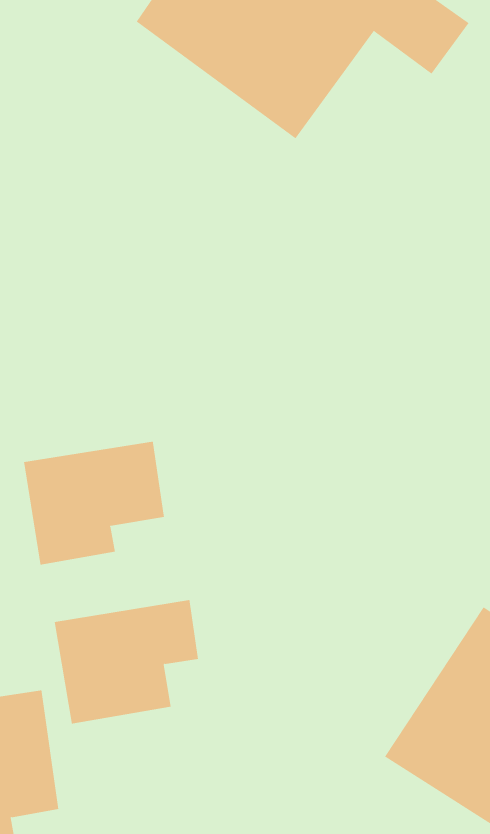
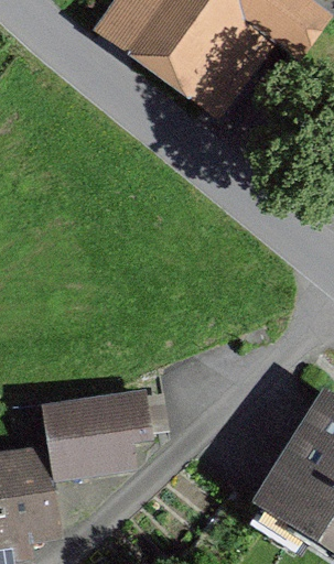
building: [23,441,165,565] -> none

